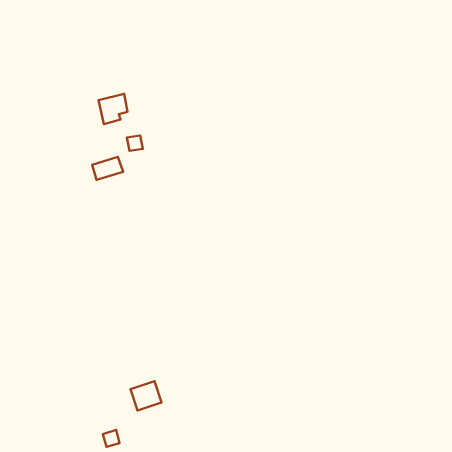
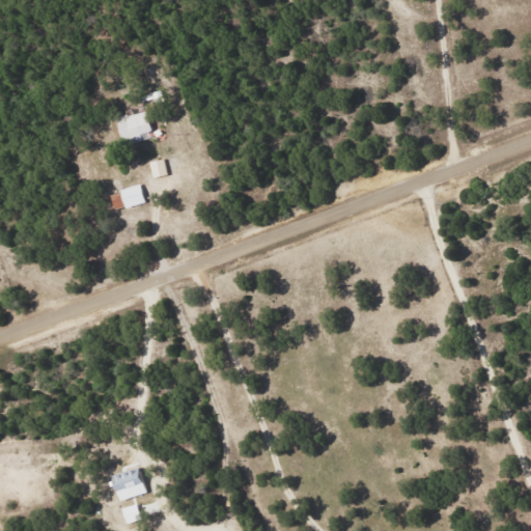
building: [130,381,161,410] -> [110,467,146,501]

